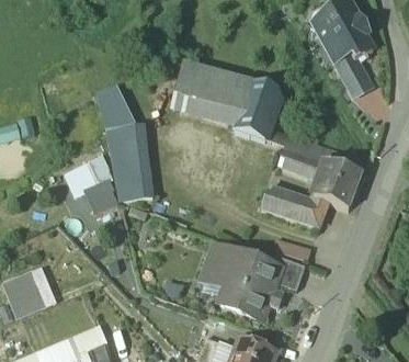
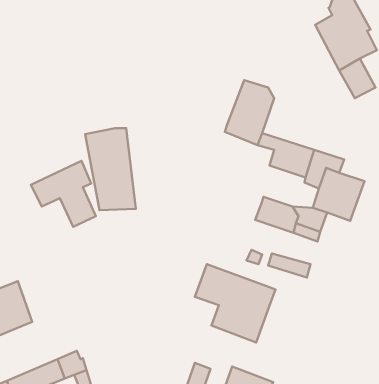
building: [173,63,250,121] -> none
building: [95,86,134,129] -> none
building: [270,256,305,291] -> none

